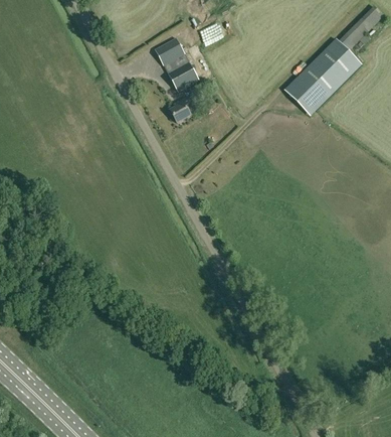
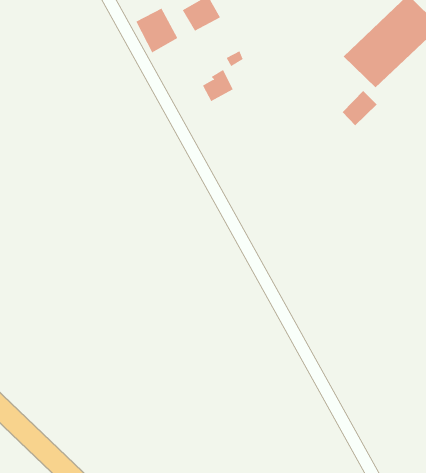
building: [165,56,199,93] -> [136,8,178,53]
building: none -> [342,90,378,126]

